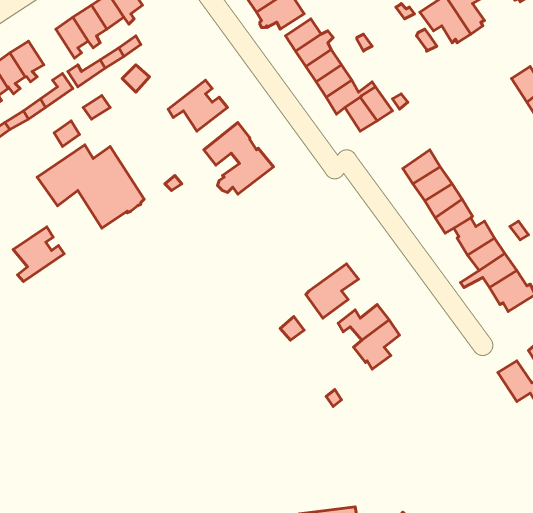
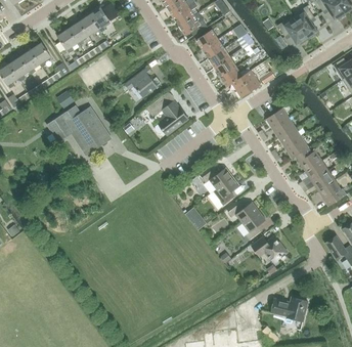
building: [13,227,64,282] -> none
building: none -> [202,168,232,193]
building: none -> [251,236,285,262]
building: none -> [270,297,306,320]

